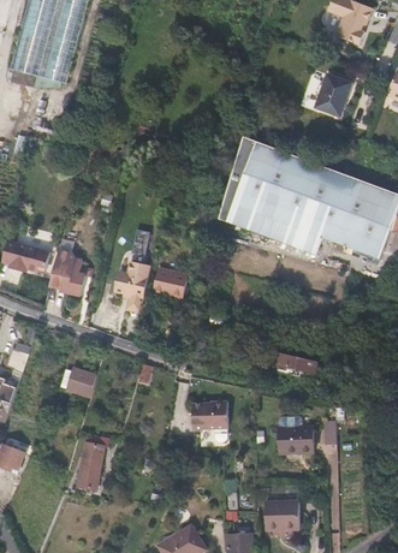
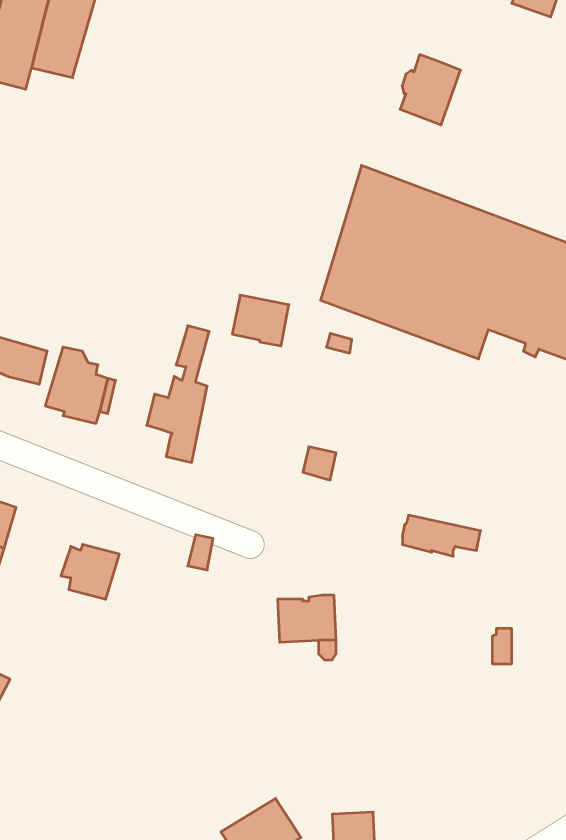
building: [314,72,351,115] -> [400,55,461,125]
building: [152,273,186,304] -> [232,295,289,346]
building: [278,424,313,452] -> none
building: [76,435,108,488] -> none
building: [263,499,298,529] -> none

